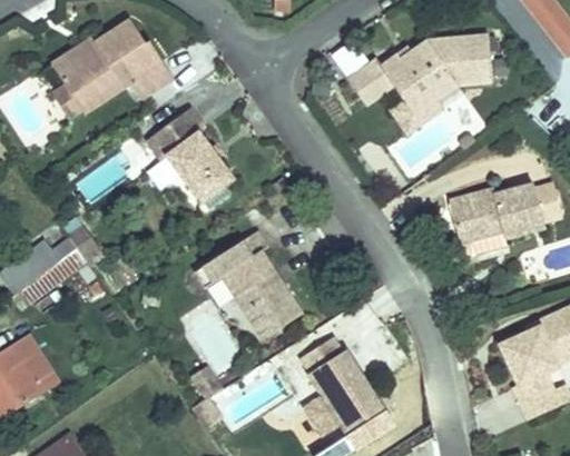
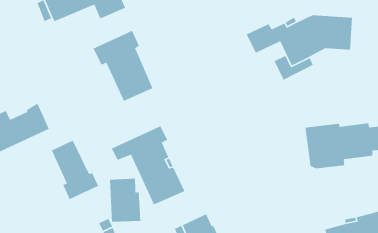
building: none -> [51,140,99,200]

